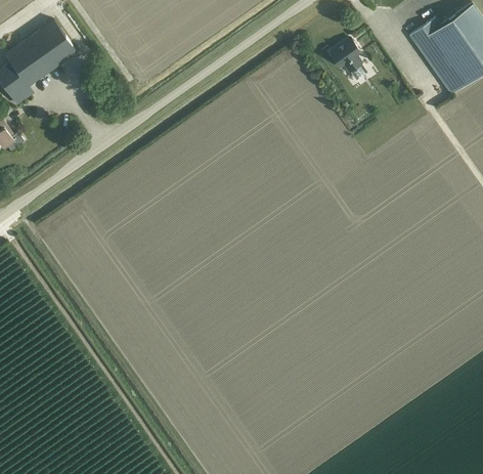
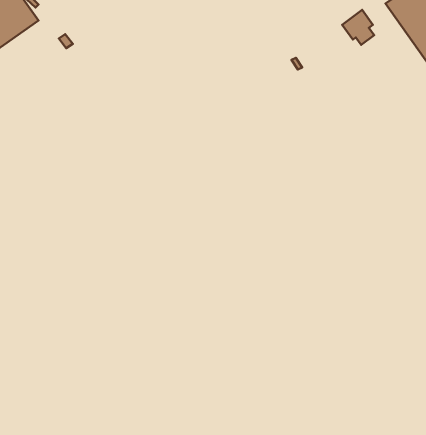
building: [331,39,361,73] -> [342,10,374,45]

